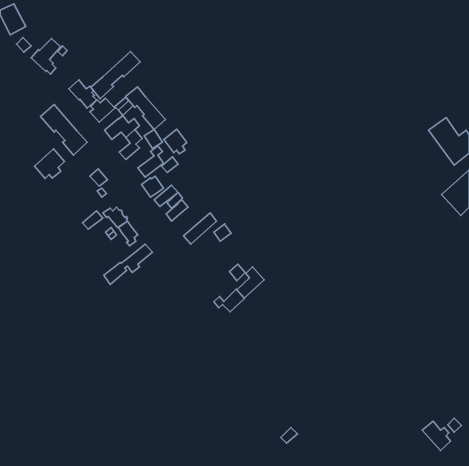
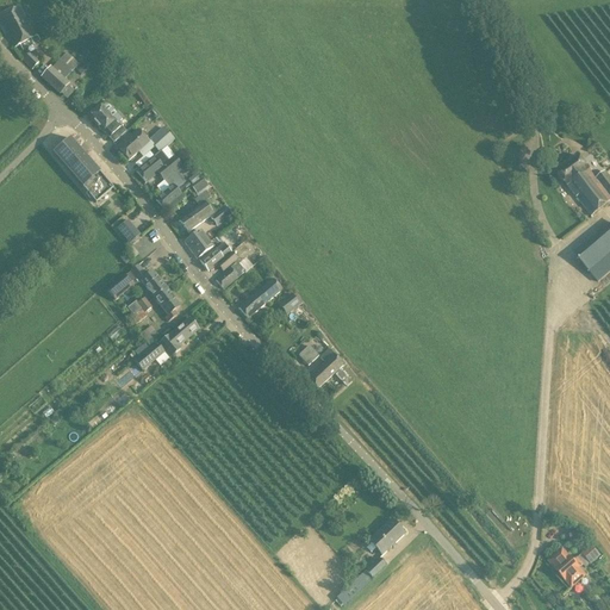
building: [91,51,140,99] -> none
building: [125,87,165,129] -> none
building: [164,129,187,154] -> none
building: [34,149,64,179] -> none
building: [214,289,245,312] -> none
building: none -> [368,517,404,553]

